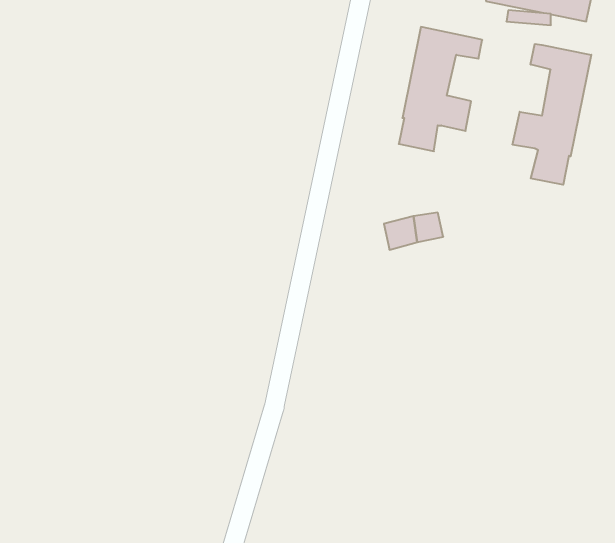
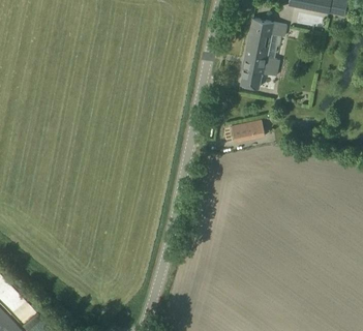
building: [513,44,591,185] -> none

